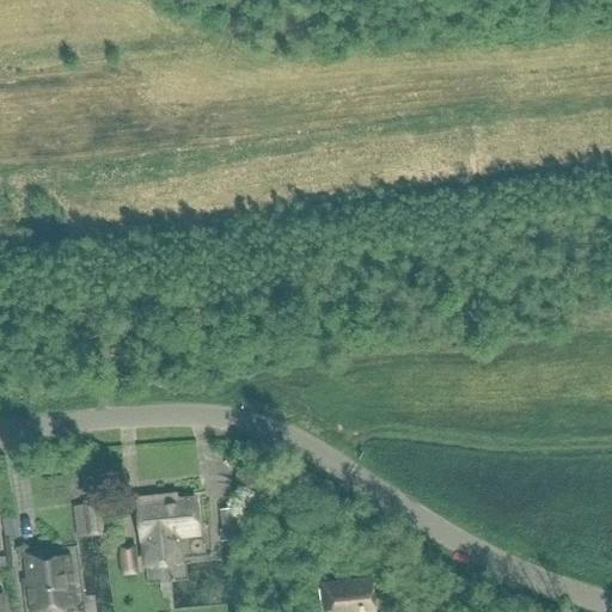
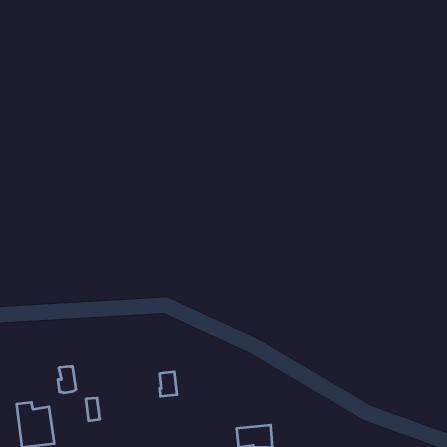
building: [136,494,197,565] -> none

